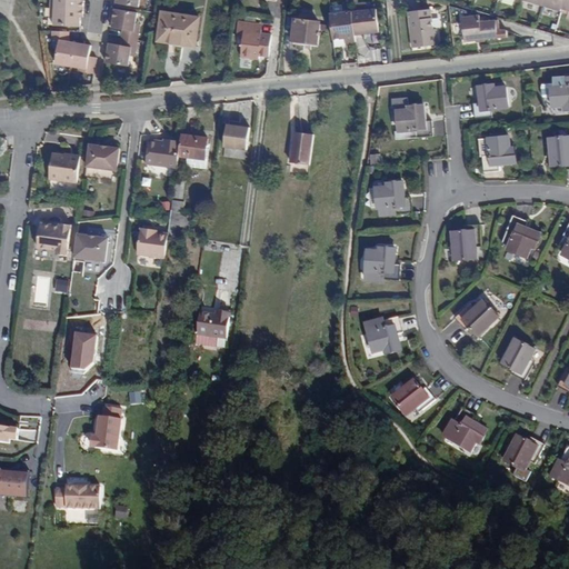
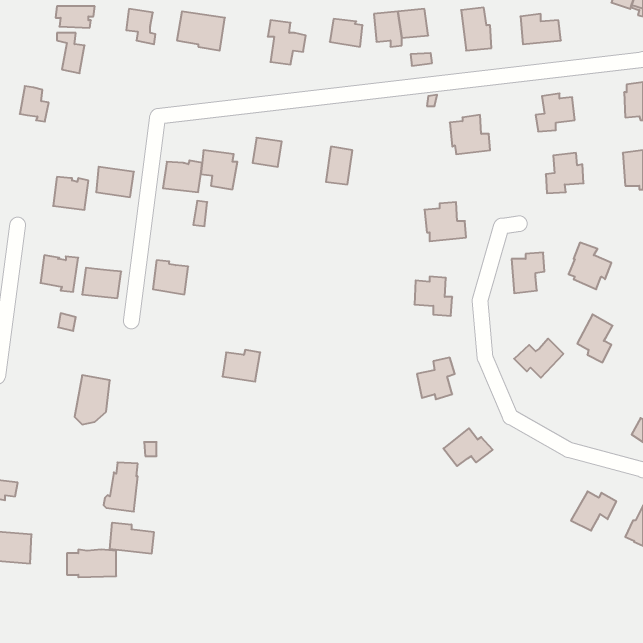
building: [104,36,136,64] -> none
building: [70,40,96,71] -> [20,86,49,122]
building: [500,335,531,377] -> [577,314,613,362]
building: [442,406,485,448] -> none
building: none -> [110,523,154,554]

